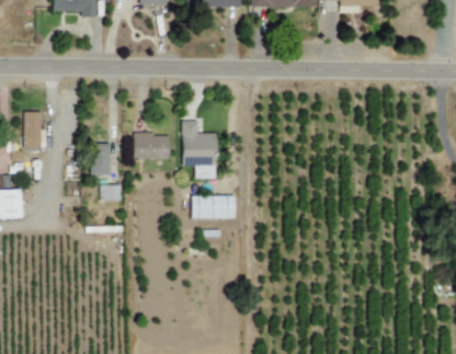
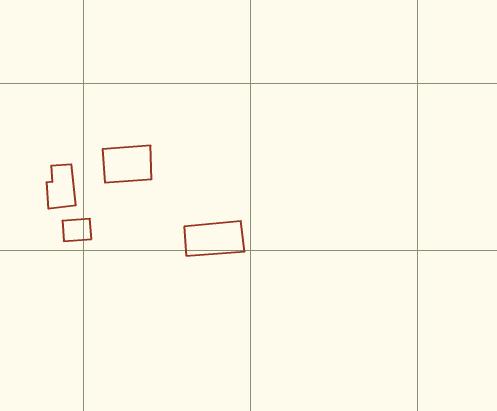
building: [183,121,217,179] -> none

